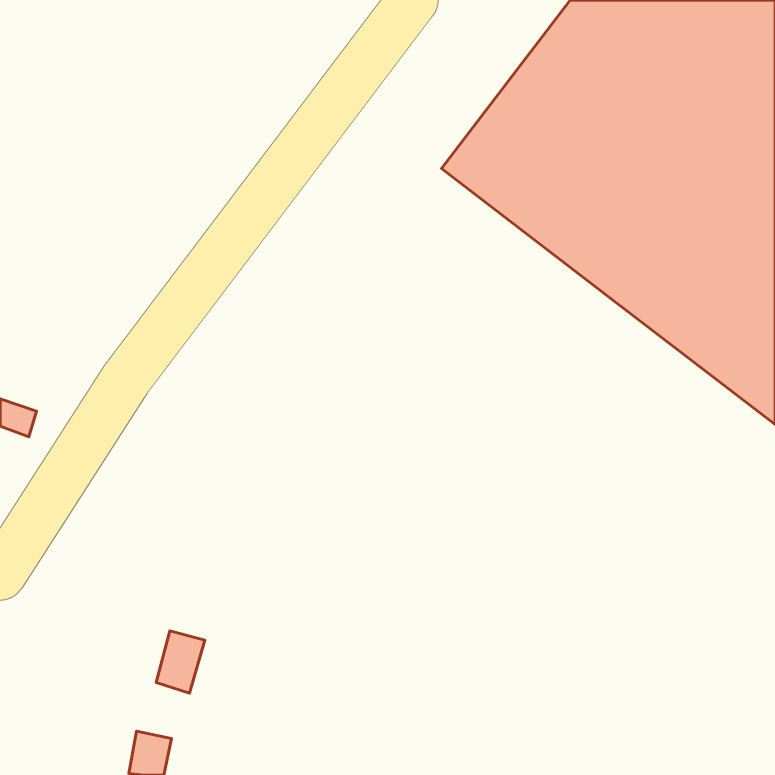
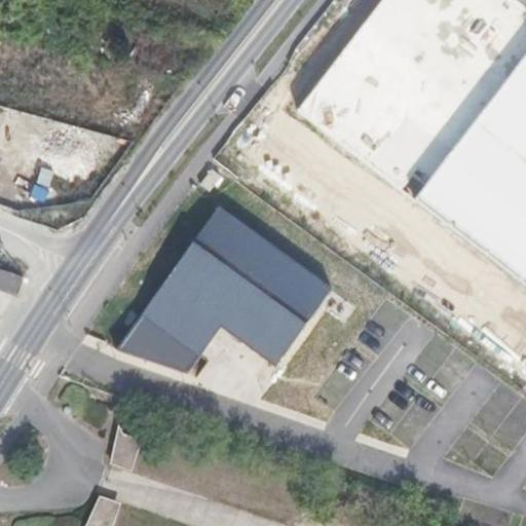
building: none -> [123,203,333,371]

